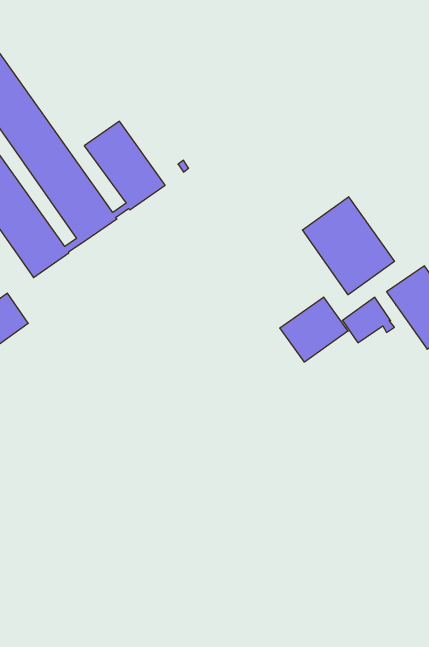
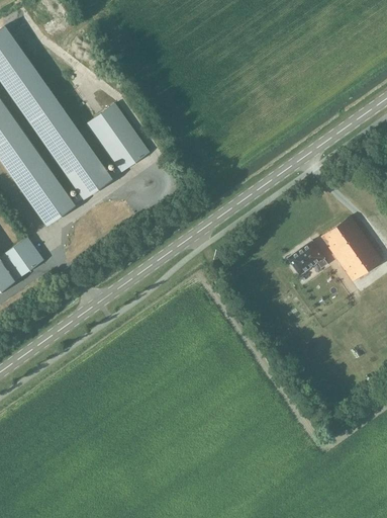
building: [302,197,394,295] -> none
building: [280,297,348,362] -> none

